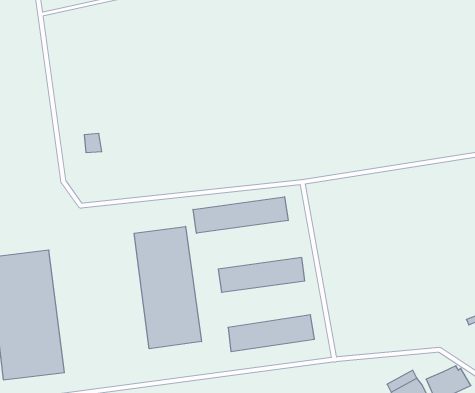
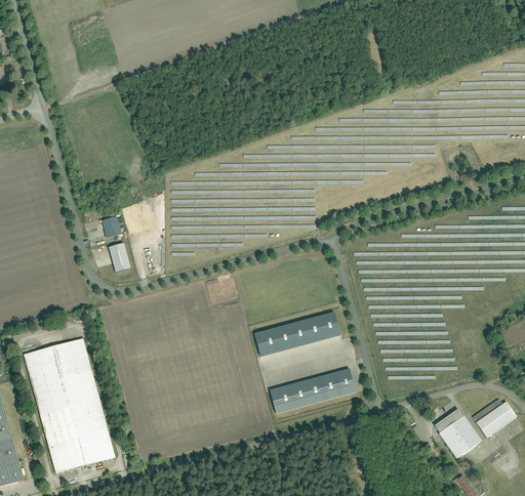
building: none -> [109,242,131,272]
building: [193,197,288,233] -> none
building: [134,226,201,349] -> none

